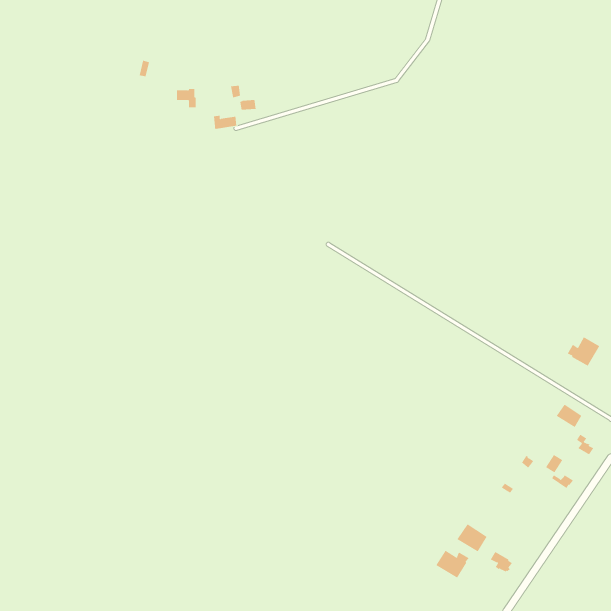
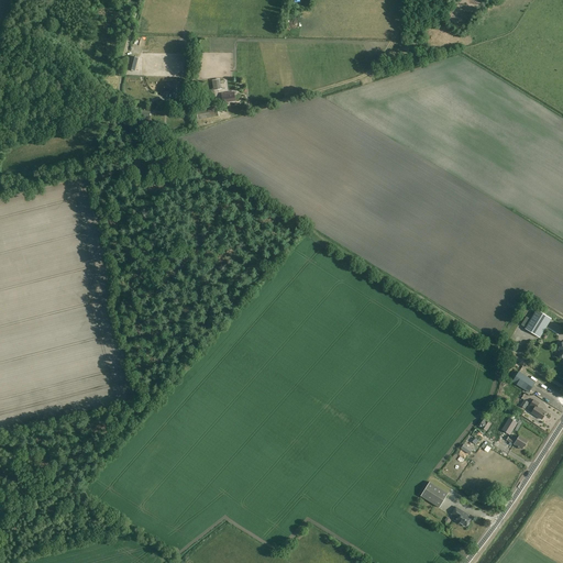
building: [435,550,469,579] -> none

